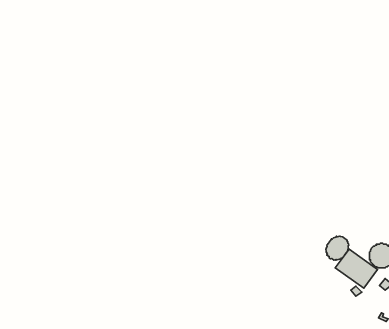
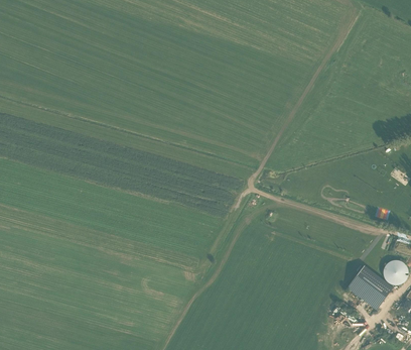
building: [326,236,349,260] -> none

